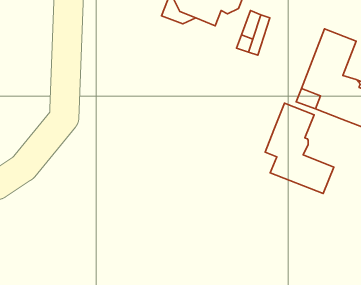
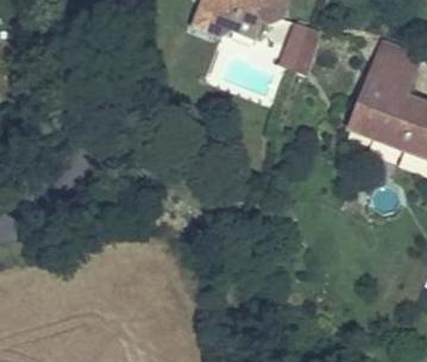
building: [265,103,334,194] -> none

